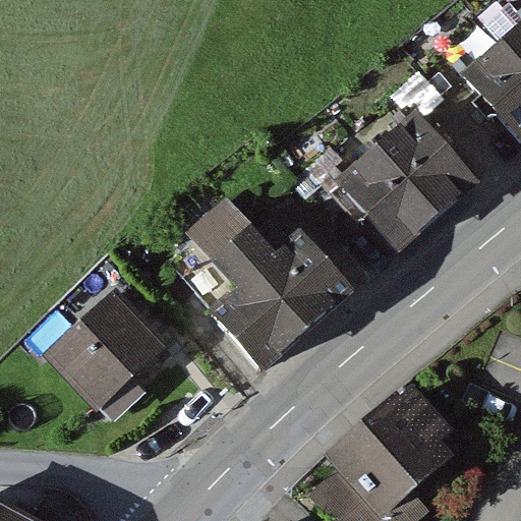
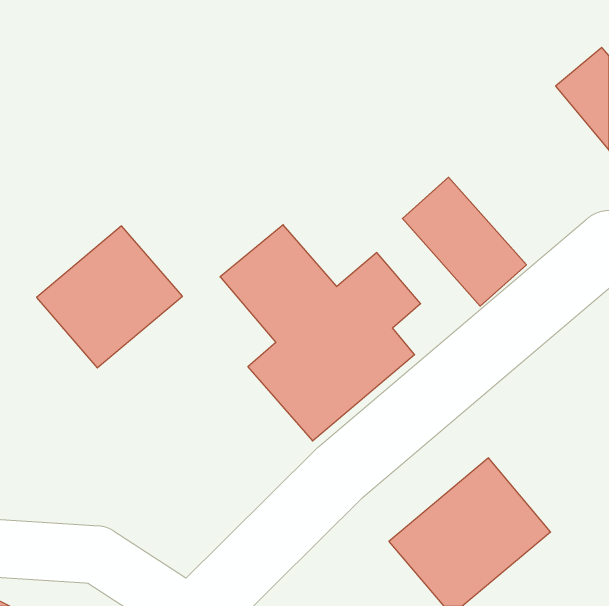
building: [375,114,480,222] -> none
building: [45,288,167,407] -> [37,226,182,368]

